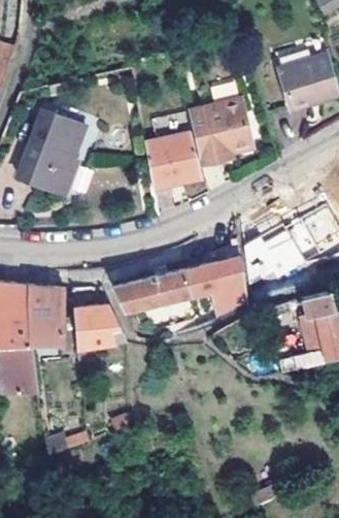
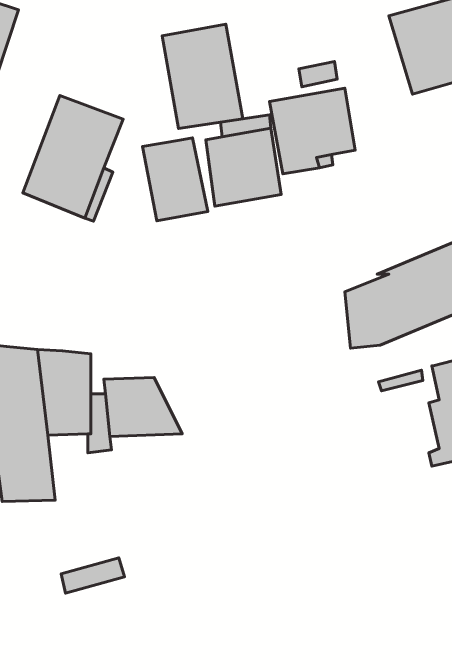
building: none -> [162,24,243,128]
building: none -> [142,138,208,221]
building: [111,257,247,316] -> none

